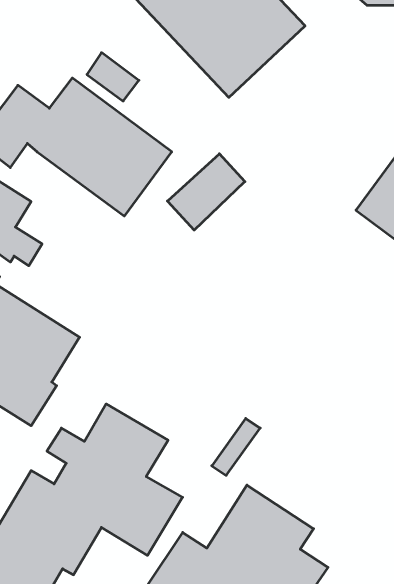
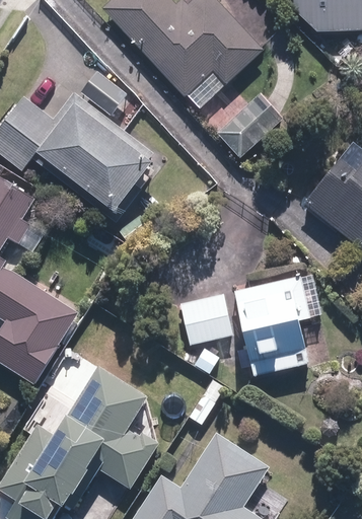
building: [167,154,245,230] -> [217,92,282,156]
building: none -> [233,274,323,379]
building: none -> [177,293,234,347]

